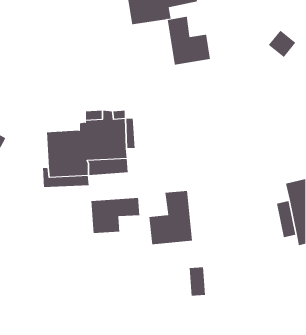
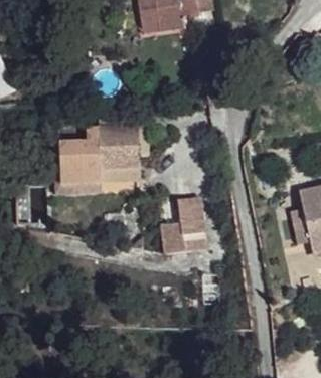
building: [167,16,211,66] -> none
building: [91,197,140,234] -> none

